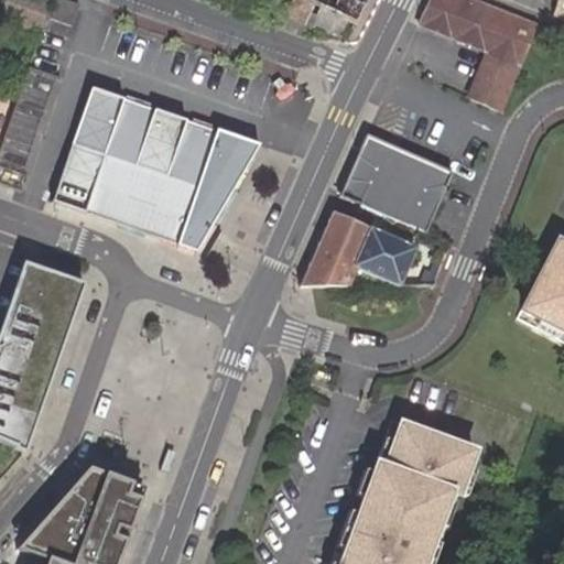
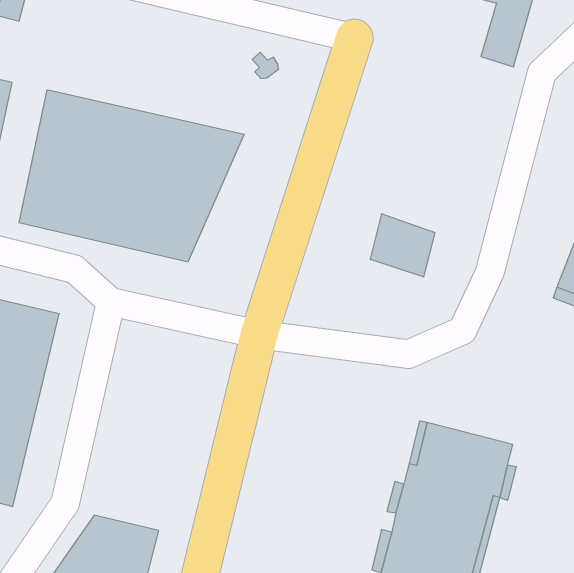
building: [341,133,455,229] -> none
building: [304,209,373,286] -> none

